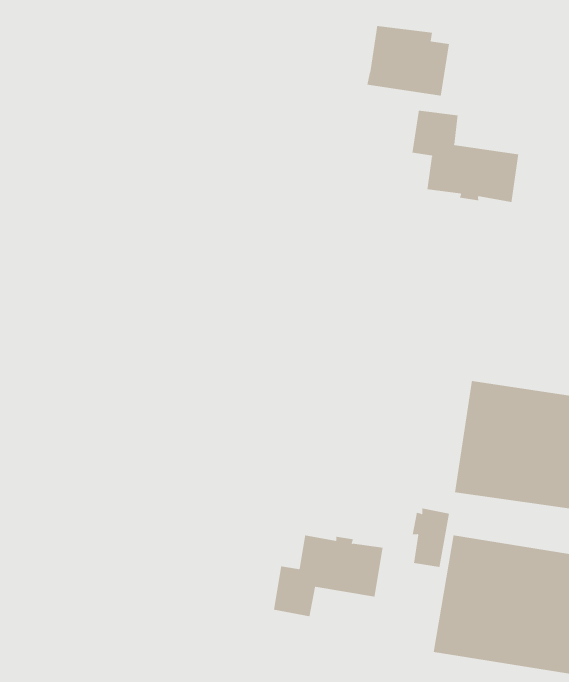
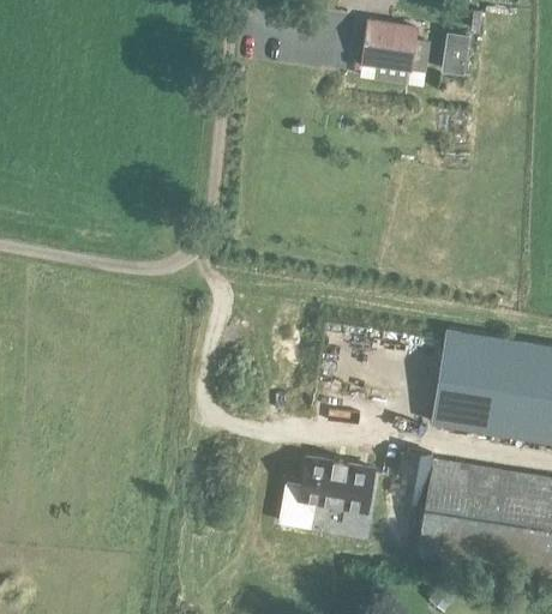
building: none -> [439,32,468,76]
building: [412,110,519,203] -> none

